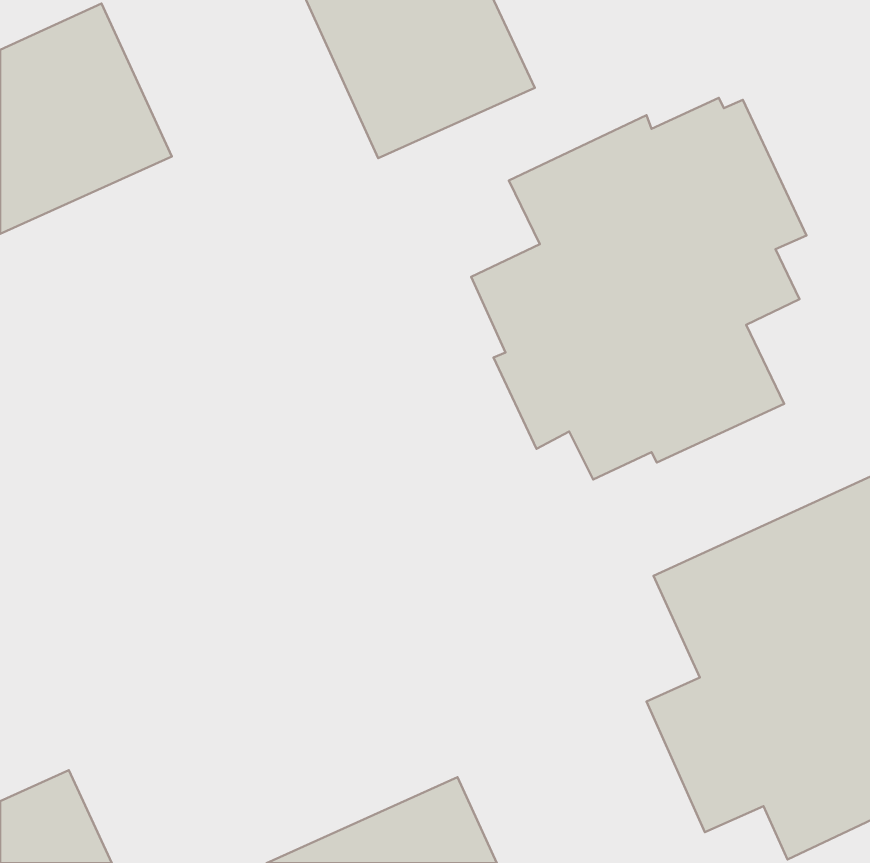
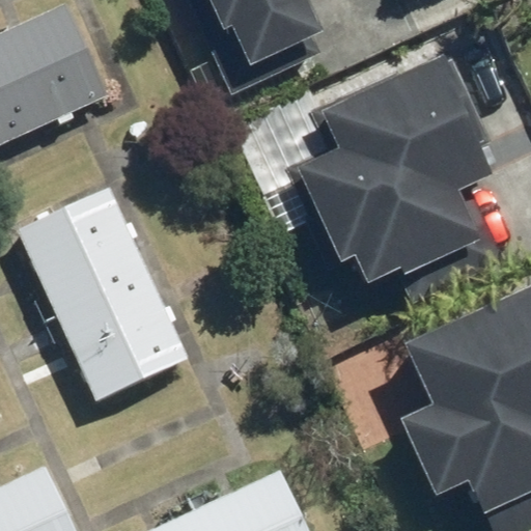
building: none -> [17,187,190,403]

